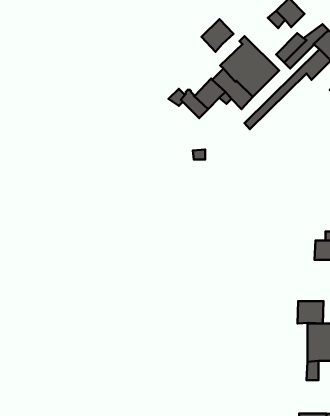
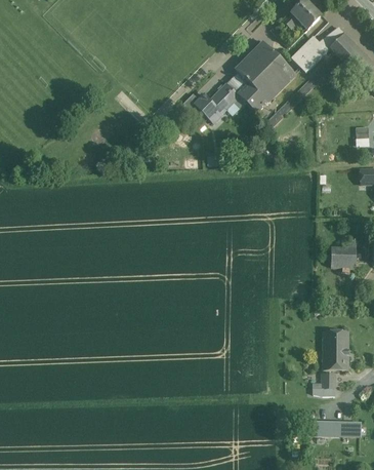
building: [202,19,233,52] -> none
building: [298,301,323,323] -> none

